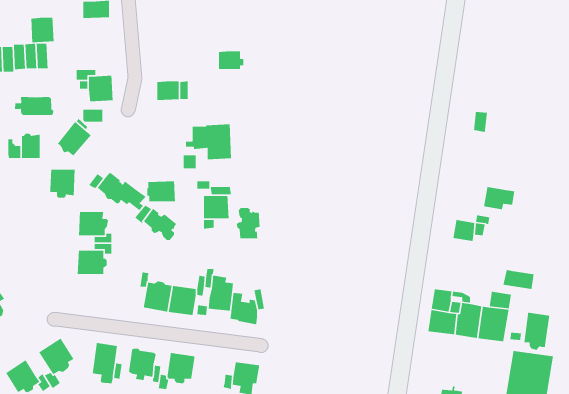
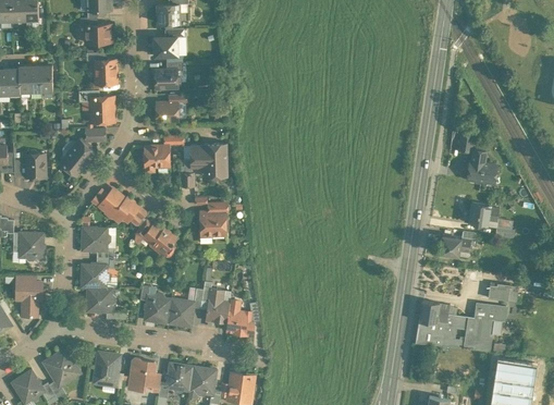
building: none -> [153,36,177,62]
building: [30,17,54,43] -> [94,59,116,84]
building: [218,50,244,70] -> [155,69,180,87]
building: [14,96,54,116] -> none
building: none -> [467,149,496,182]
building: [49,169,76,198] -> [19,232,44,260]
building: [146,181,176,202] -> [141,145,170,165]
building: [236,207,260,239] -> none
building: none -> [21,281,41,317]
building: none -> [86,287,114,311]
building: [523,312,550,351] -> none
building: none -> [189,367,217,395]

